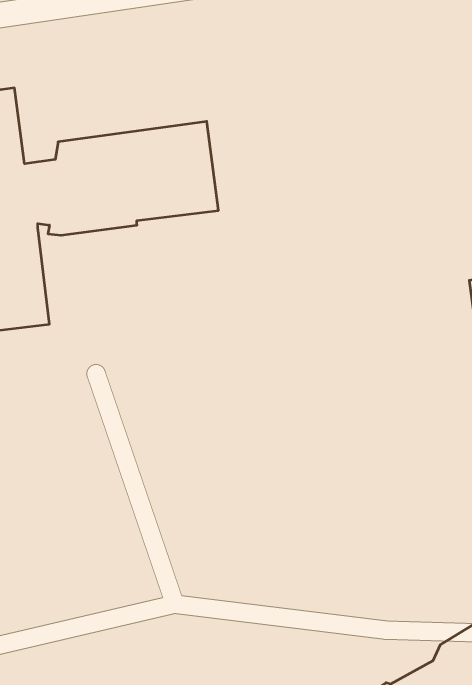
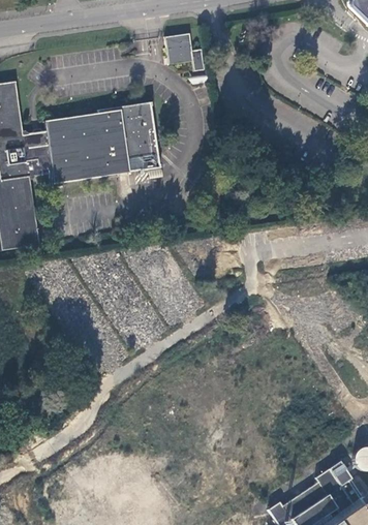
building: none -> [165,34,204,71]

